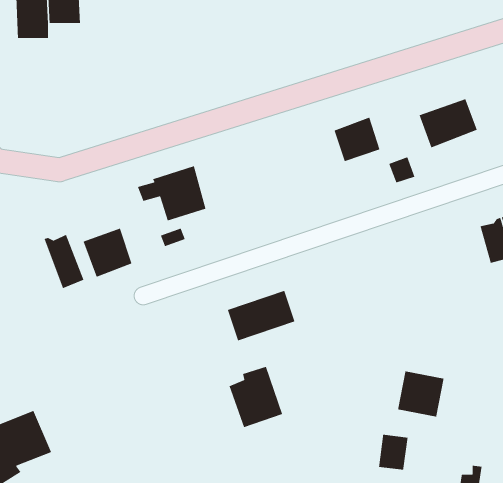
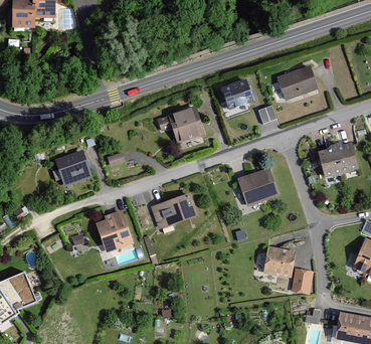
building: [137,165,207,221] -> [157,106,203,143]
building: [43,234,84,289] -> none
building: none -> [237,168,277,205]
building: [228,366,283,428] -> [96,210,132,251]
building: [378,434,408,470] -> [292,269,312,293]

